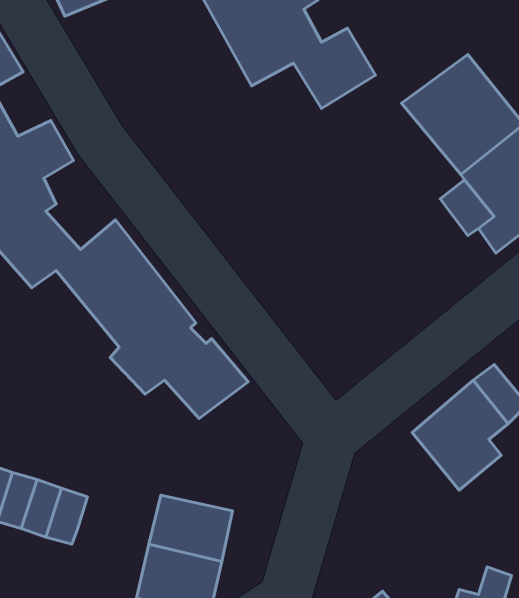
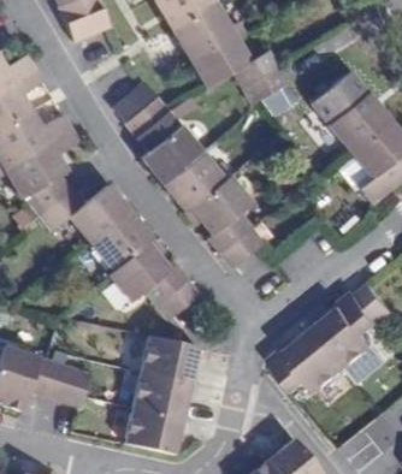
building: none -> [112,81,264,268]
building: none -> [271,328,345,392]
building: none -> [140,336,197,383]

